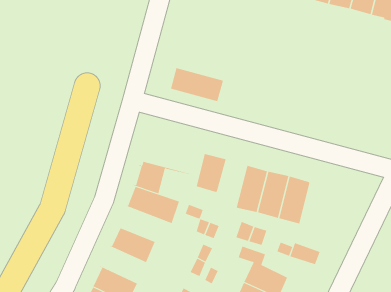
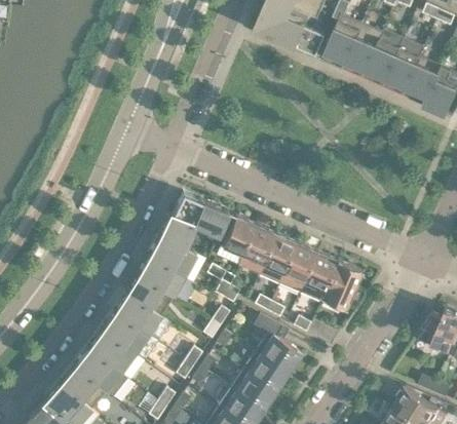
building: [170,68,224,102] -> [173,193,228,234]
building: none -> [238,225,276,275]
building: none -> [320,261,366,309]
building: none -> [137,256,192,297]
building: none -> [113,294,160,336]

